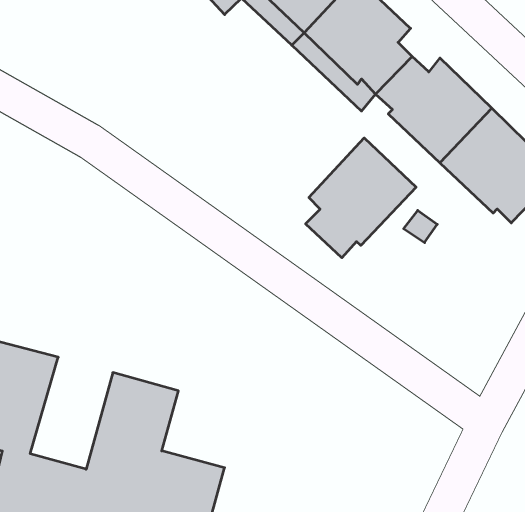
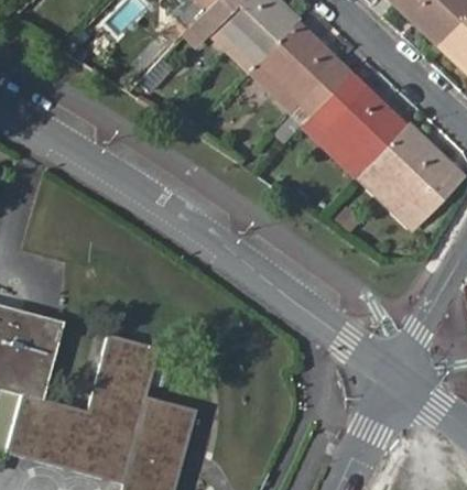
building: [306,138,416,258] -> none

